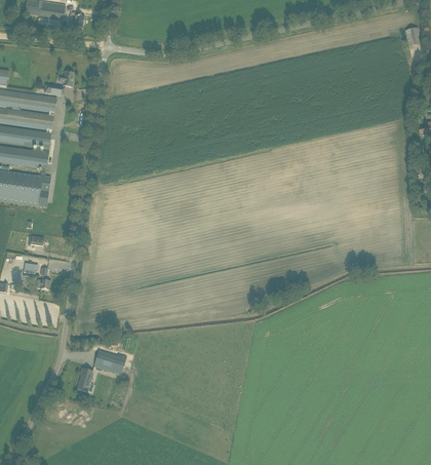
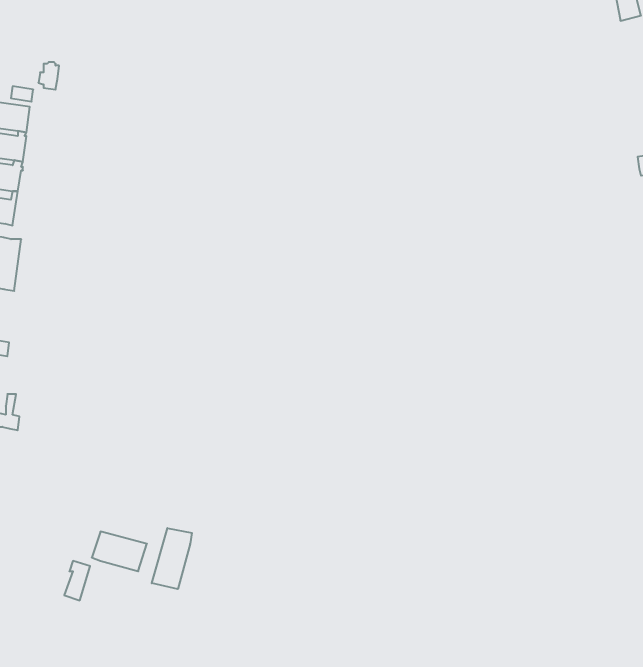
building: none -> [152,528,192,589]

